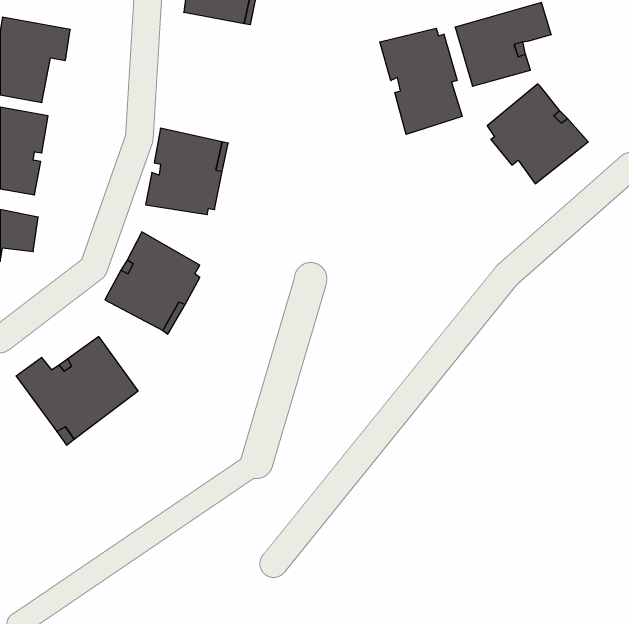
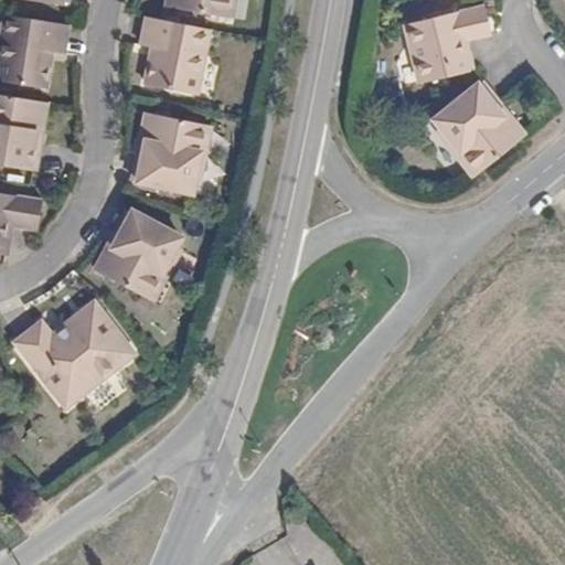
building: none -> [138,20,205,96]
building: [380,28,462,134] -> none

